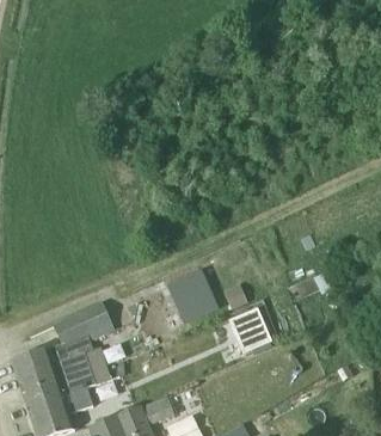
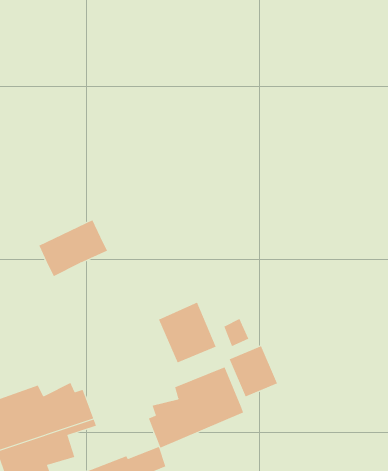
building: [53,301,113,351] -> [38,220,108,277]
building: none -> [148,366,244,448]

